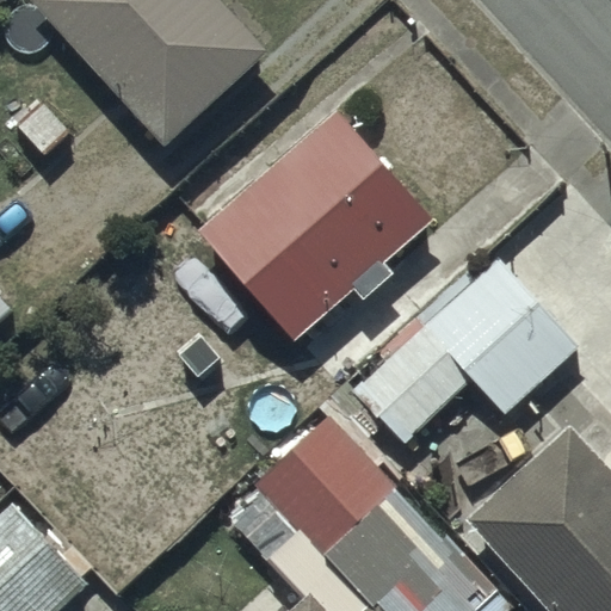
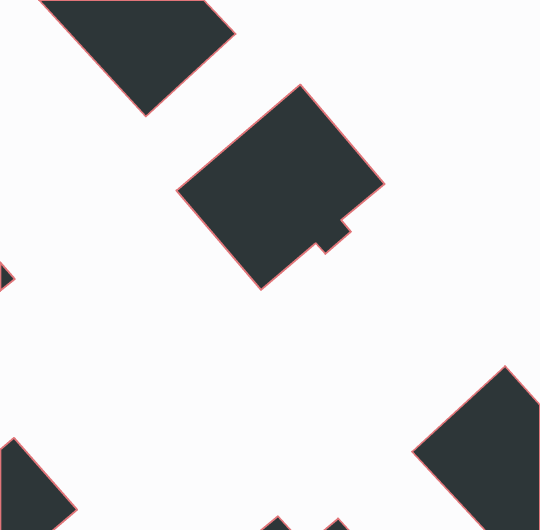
building: [353,254,586,445] -> none
building: [212,415,399,564] -> none

